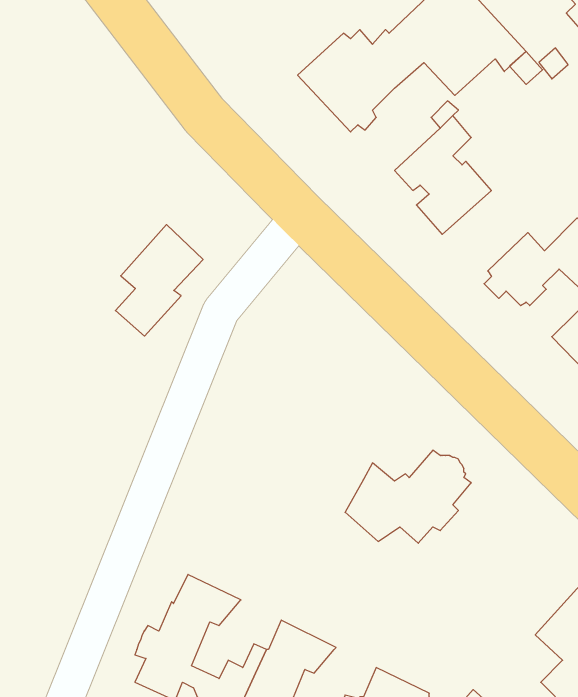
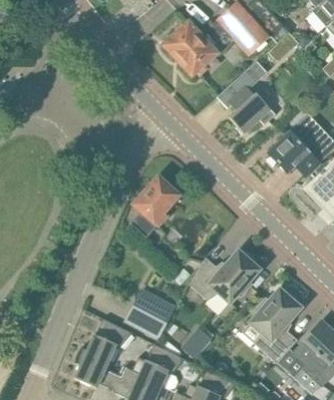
building: [115,225,203,336] -> [130,176,179,238]
building: none -> [123,288,177,341]
building: none -> [250,289,300,363]
building: none -> [182,328,213,360]

